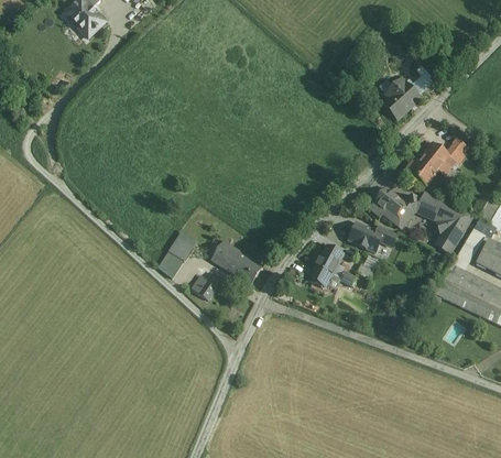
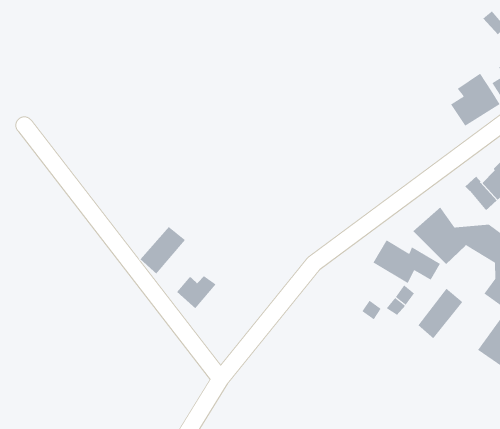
building: [213,241,261,284] -> none
building: [312,244,345,286] -> [417,288,463,339]

